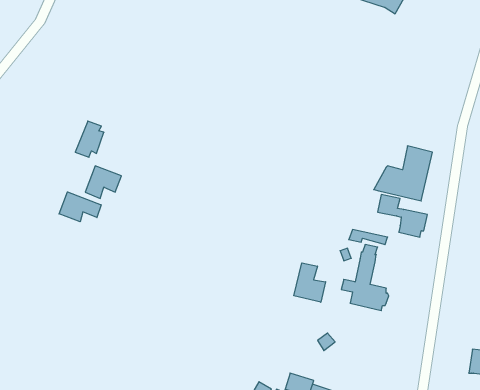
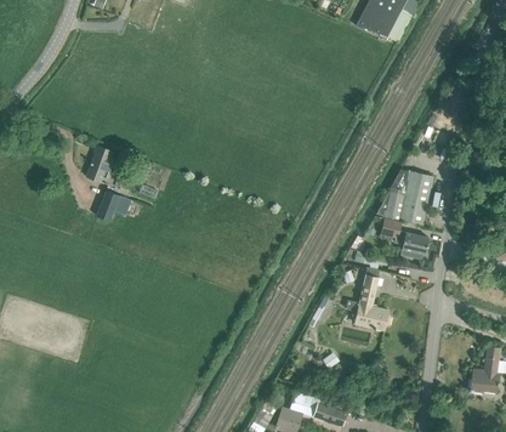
building: [59,192,101,222] -> none
building: [294,263,326,302] -> none

